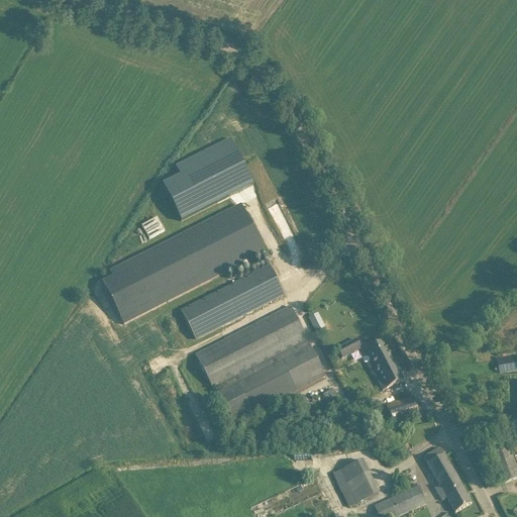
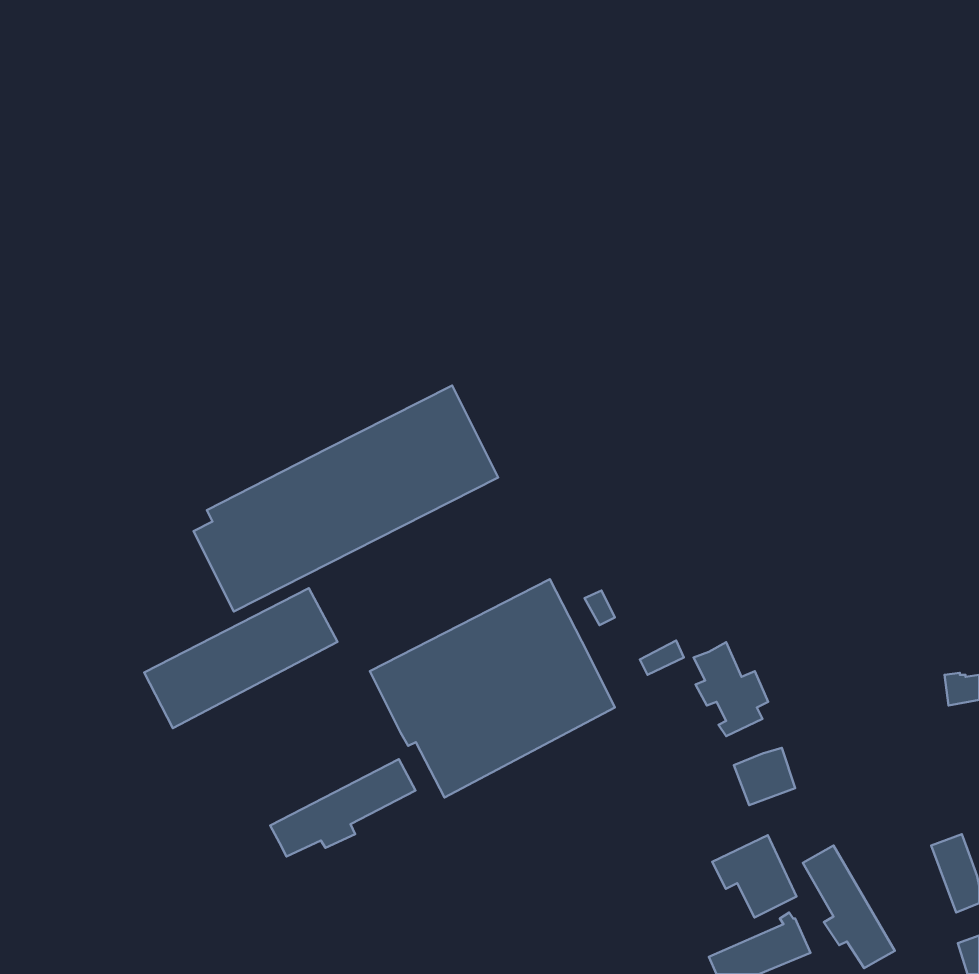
building: [167,137,256,218] -> none
building: [181,265,283,338] -> [144,588,338,728]
building: none -> [270,759,415,856]
building: [333,458,378,502] -> [712,835,797,918]

